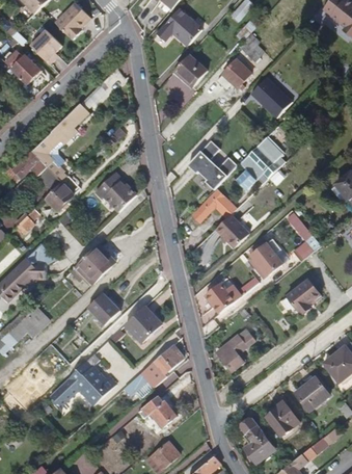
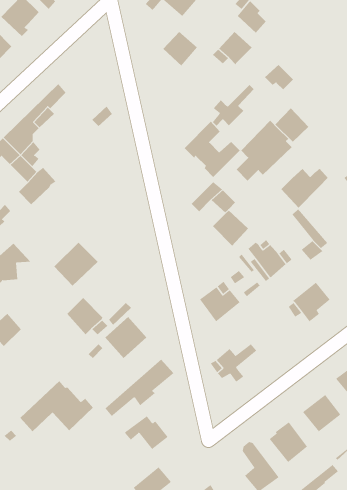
building: none -> [212,84,255,126]
building: none -> [275,108,309,143]
building: [94,174,135,212] -> none
building: none -> [281,168,329,209]

